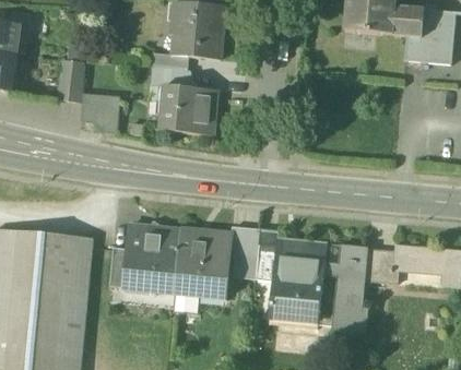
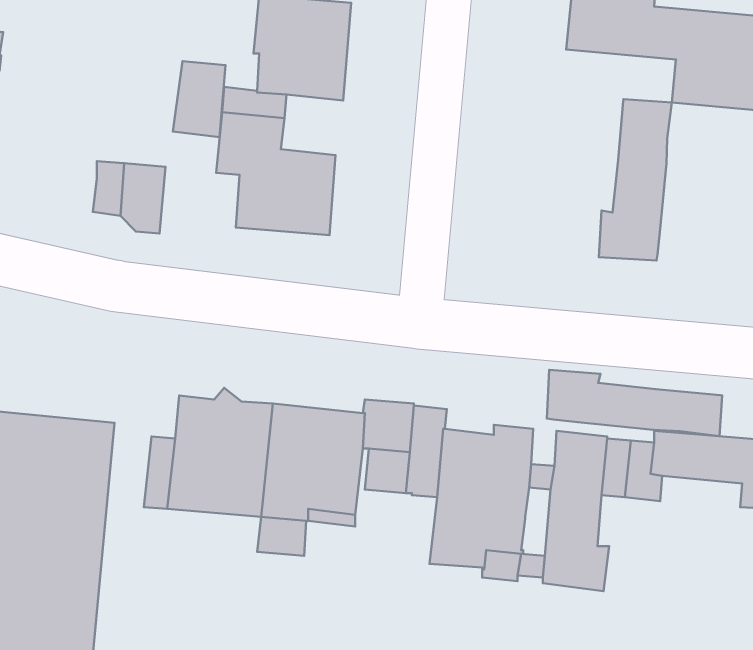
building: none -> [599,99,672,260]
building: [56,59,85,102] -> [173,61,225,137]
building: none -> [547,370,722,436]

